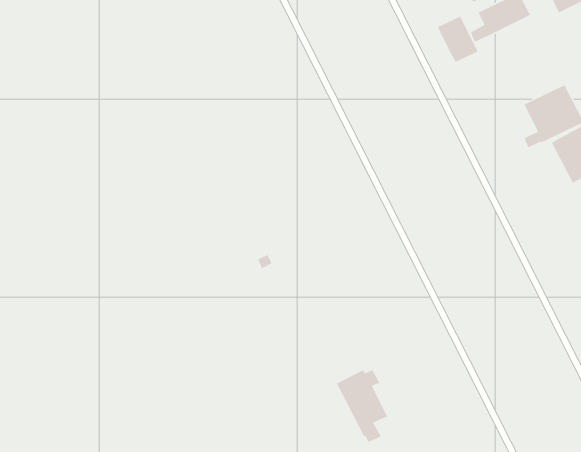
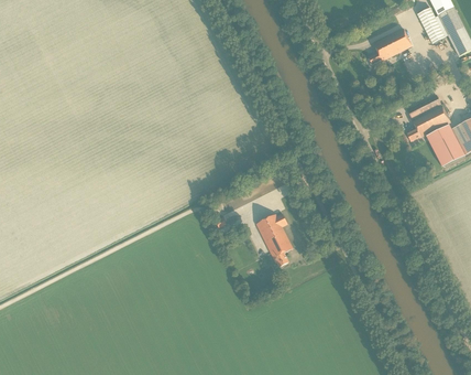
building: [437,15,479,63] -> none
building: [336,369,388,443] -> [255,213,293,266]

